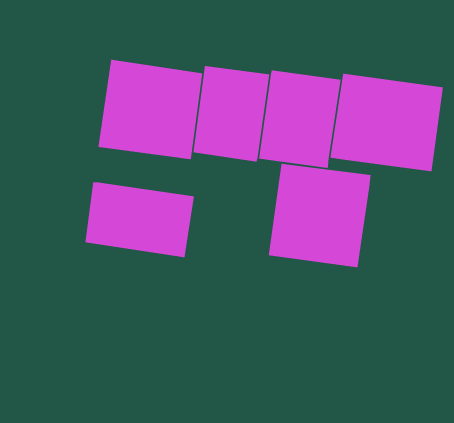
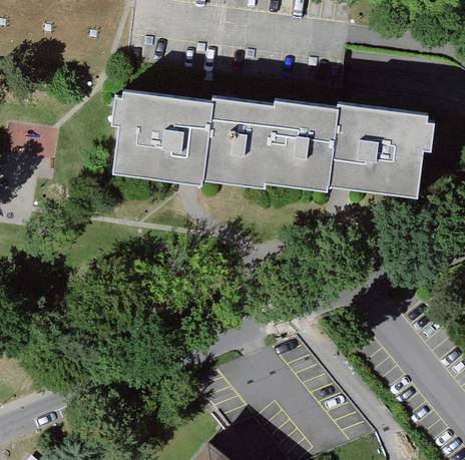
building: [268,163,371,268] -> none
building: [84,181,195,258] -> none

